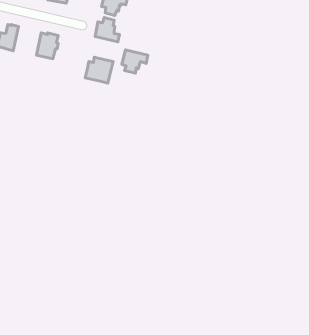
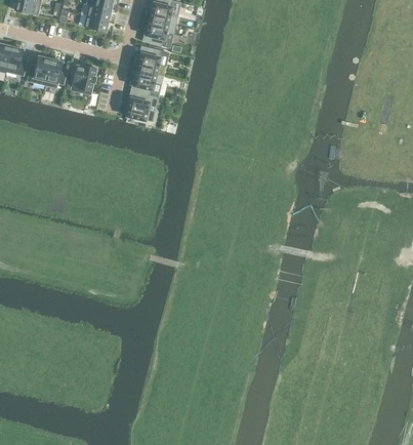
building: none -> [44,56,66,86]
building: [122,50,148,73] -> [133,68,163,94]

